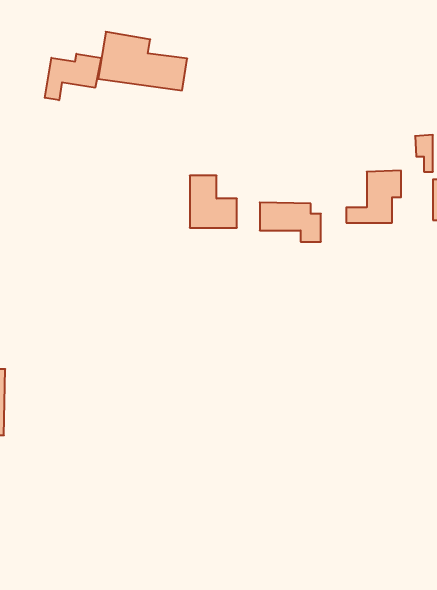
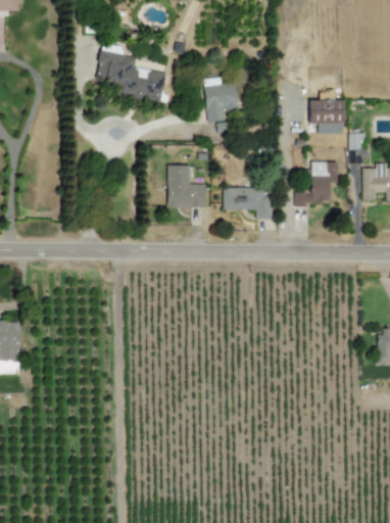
building: [45,54,101,100] -> none
building: none -> [197,82,241,134]
building: none -> [309,99,344,134]

